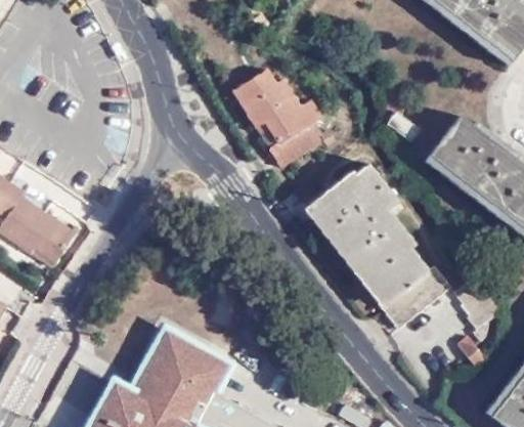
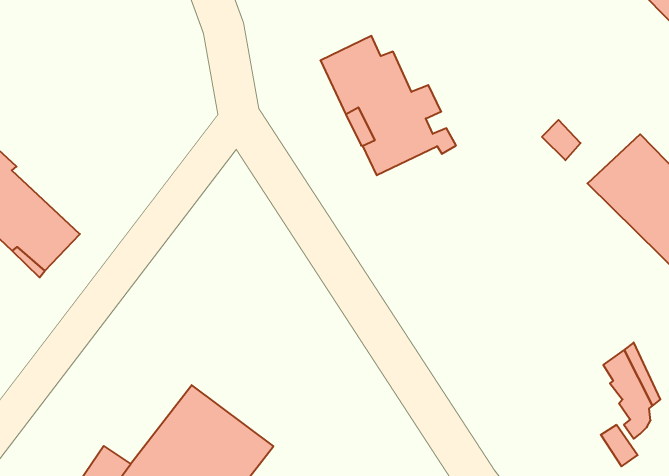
building: [313,159,448,318] -> none

